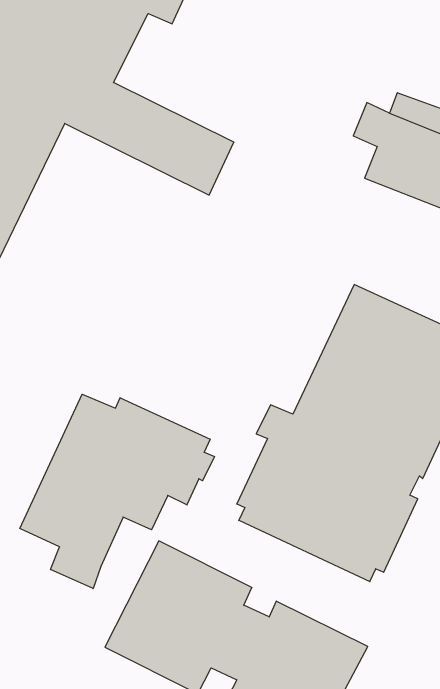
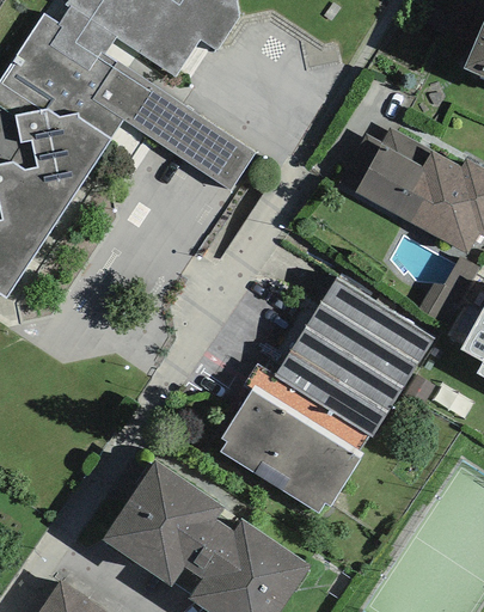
building: [20,394,214,589] -> none

